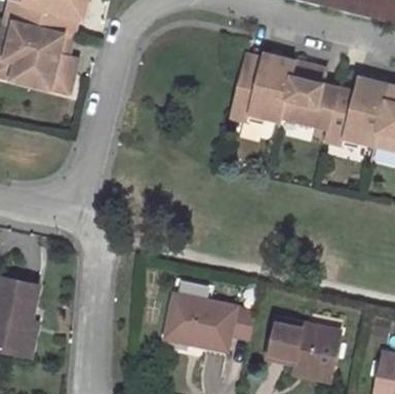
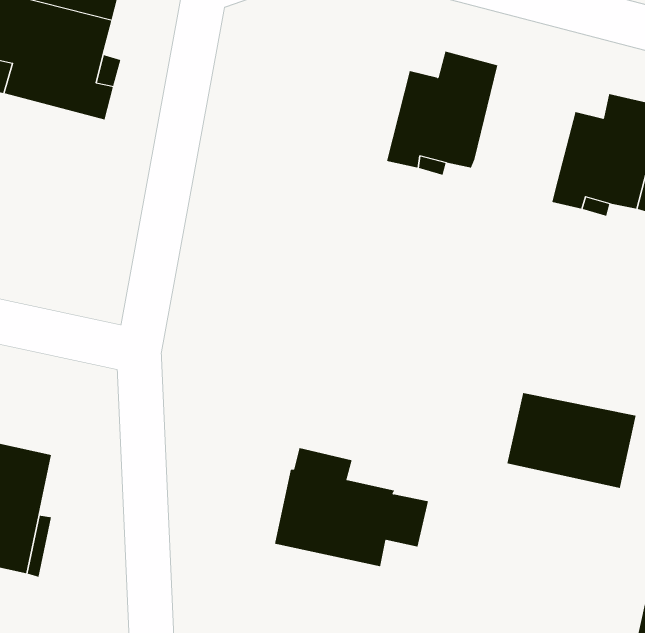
building: [282,62,340,128] -> none
building: [267,318,342,373] -> [507,392,636,488]

